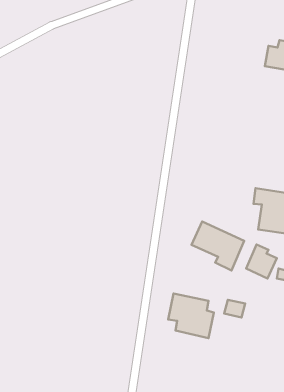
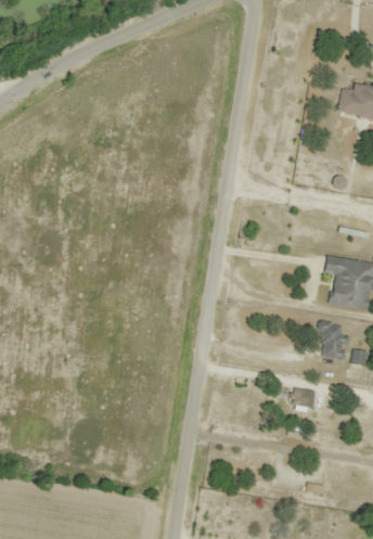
building: [192,222,244,270] -> none
building: [168,293,214,338] -> none

